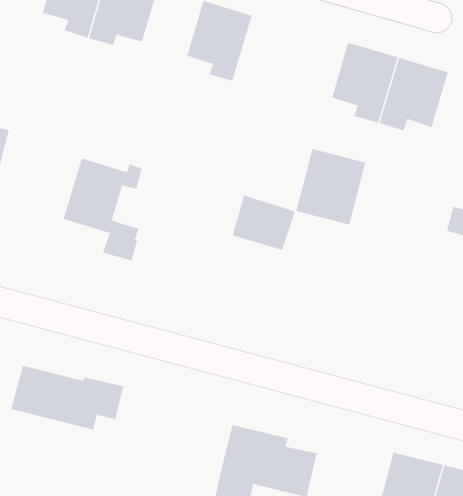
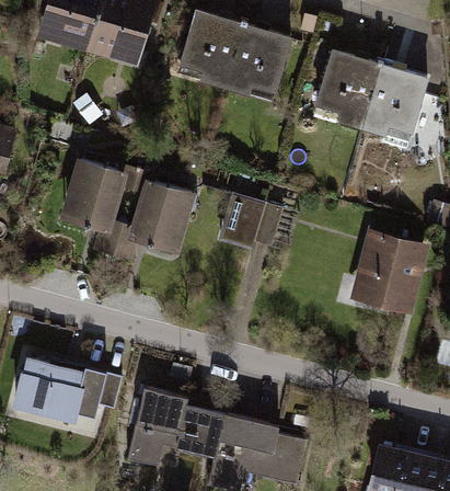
building: none -> [224,26,291,96]
building: [295,149,366,225] -> [355,236,422,308]
building: none -> [132,171,192,250]
building: none -> [127,388,223,463]

